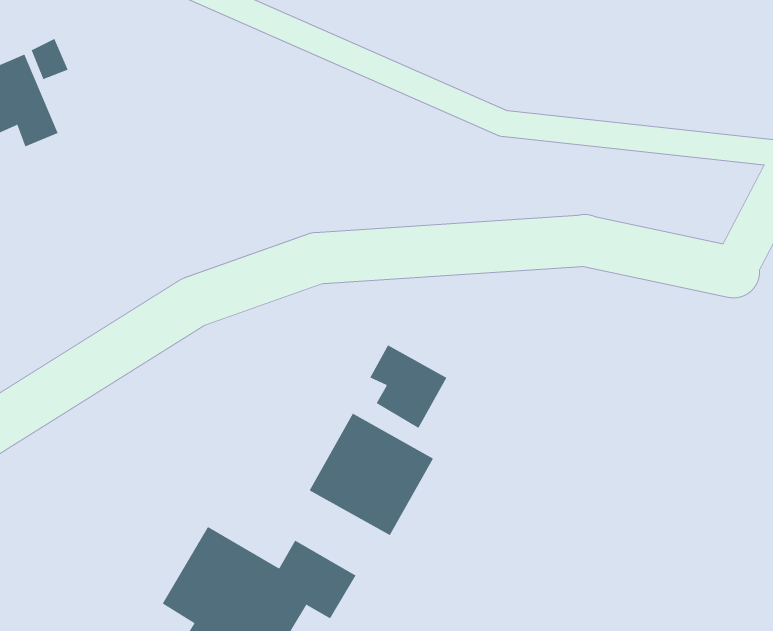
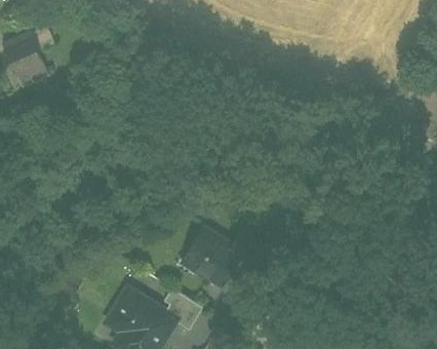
building: [369,344,447,429] -> none

